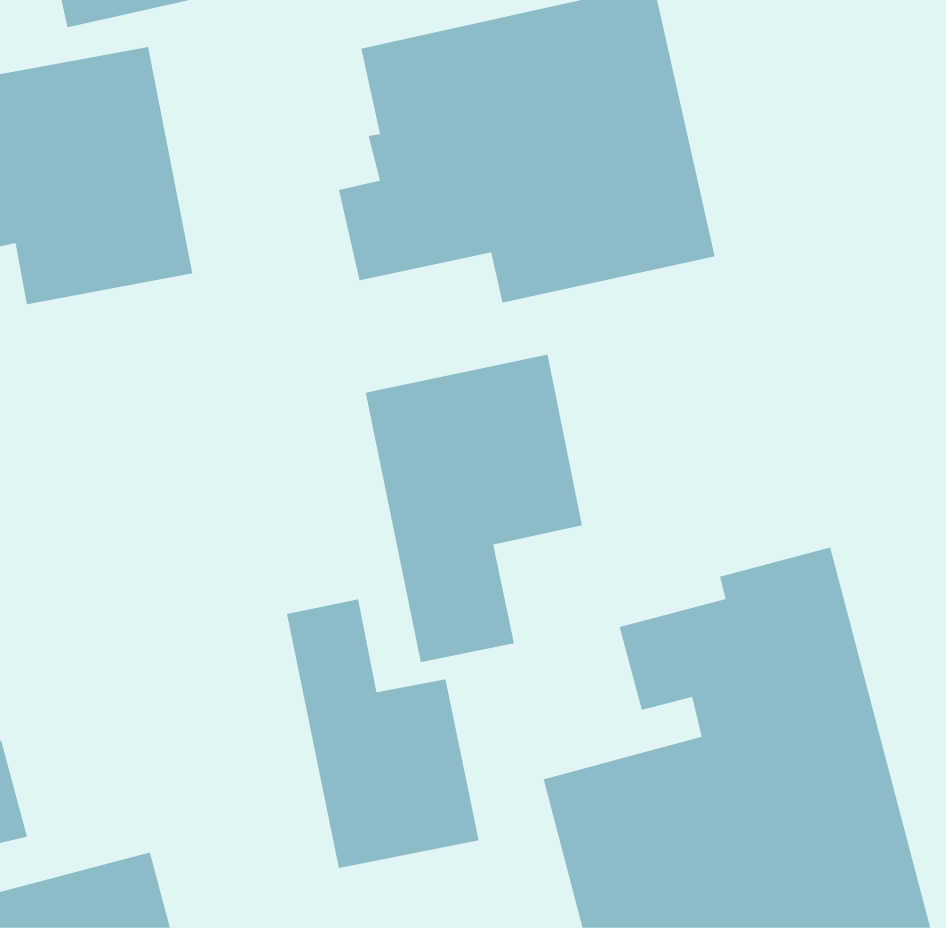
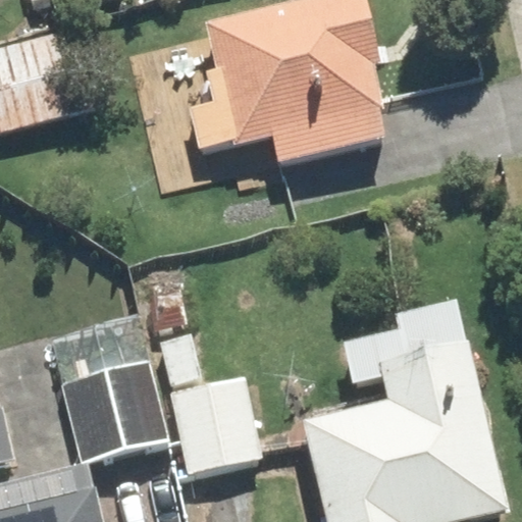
building: [365,354,582,663] -> none
building: none -> [42,312,172,464]

